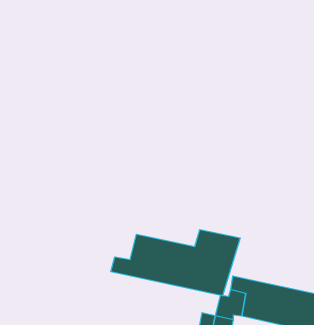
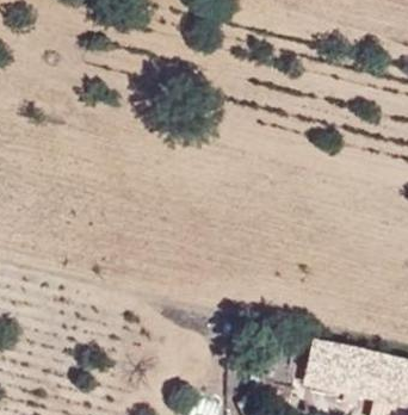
building: [111,230,240,296] -> none

